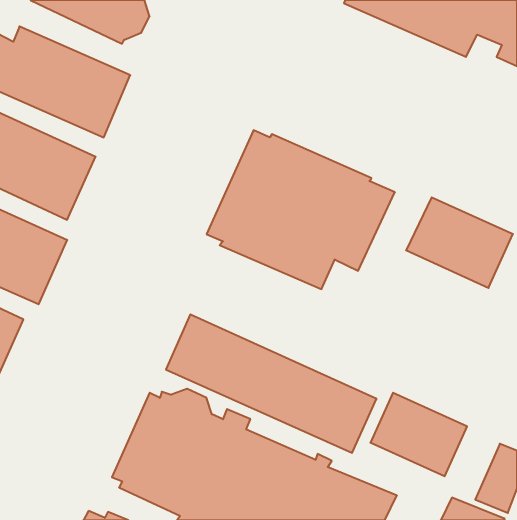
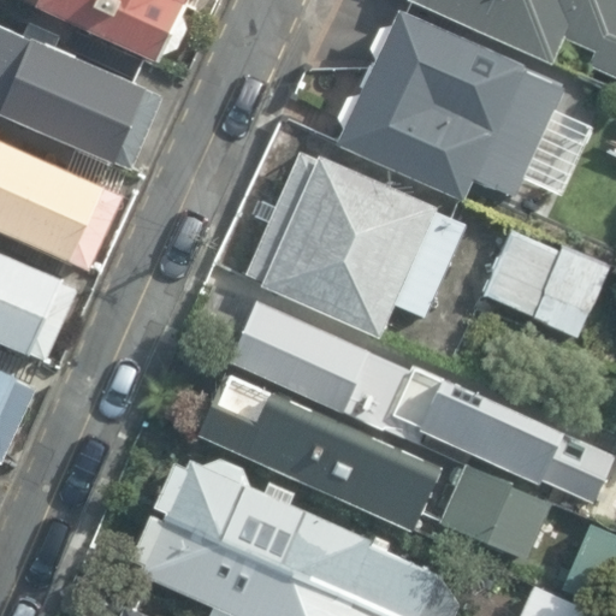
building: none -> [334,13,593,205]
building: none -> [230,302,564,488]

